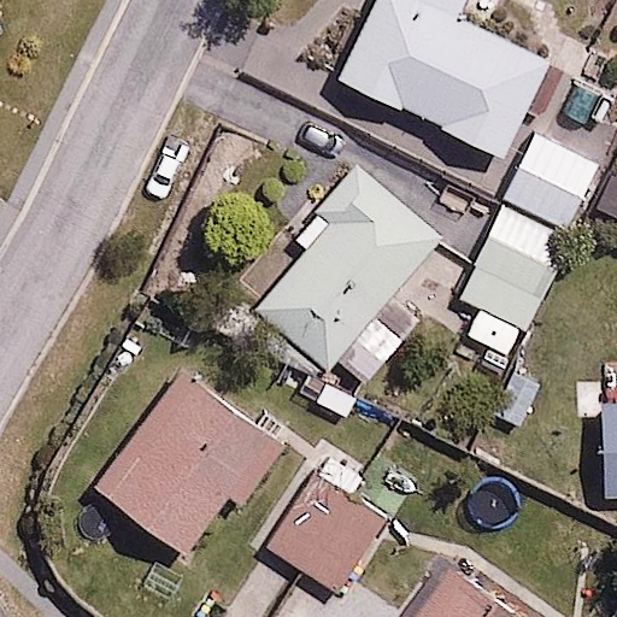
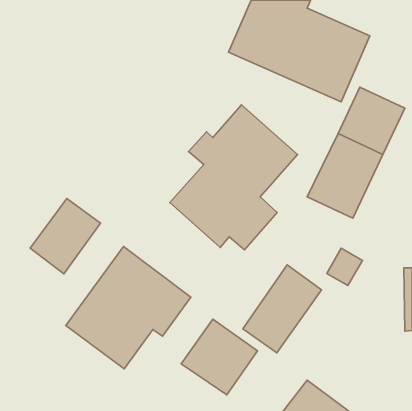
building: none -> [30,198,100,274]
building: none -> [243,265,322,353]

